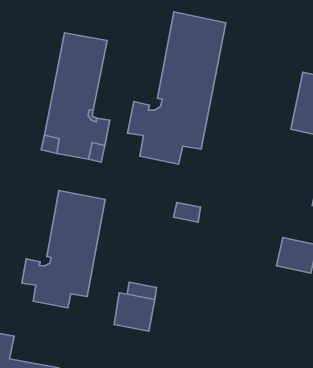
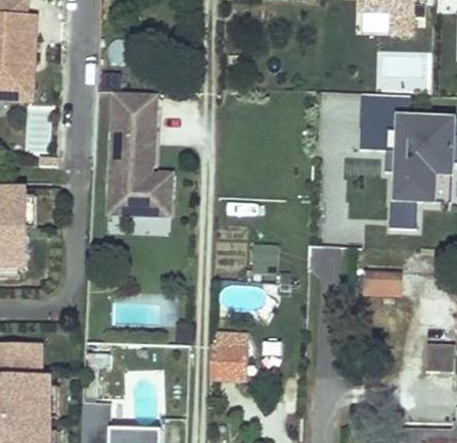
building: [128,12,226,164] -> none
building: [22,190,105,308] -> none

